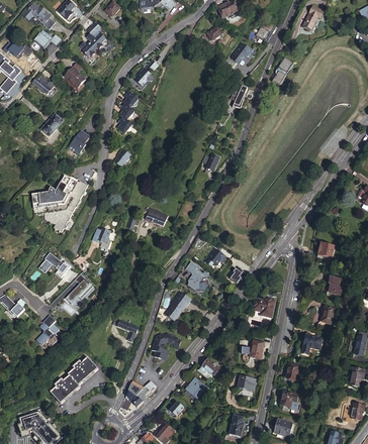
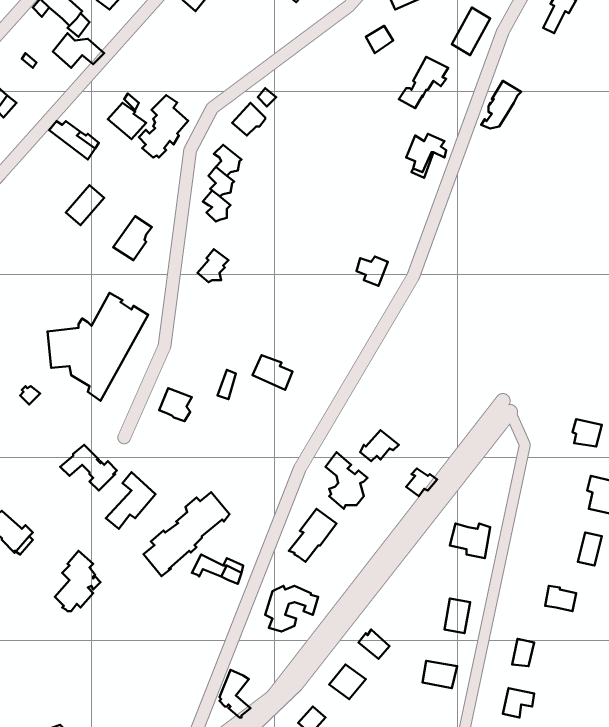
building: [79,23,106,58] -> [139,95,188,157]
building: [51,357,98,404] -> [143,492,229,576]

